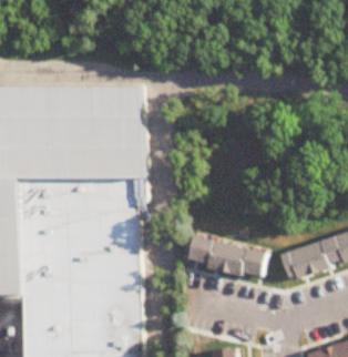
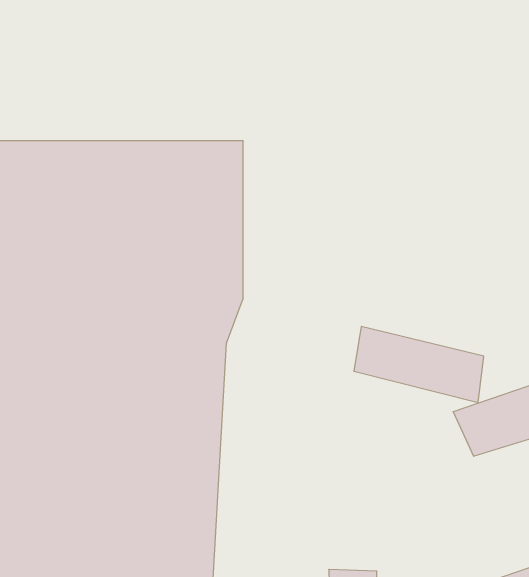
building: [194,236,272,282] -> [354,326,484,403]

